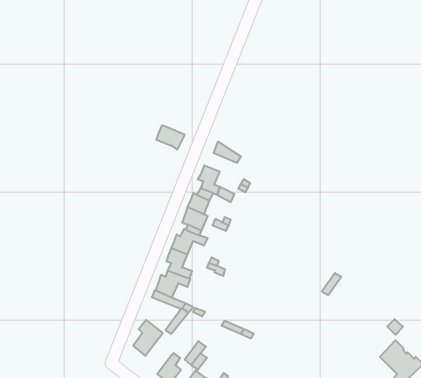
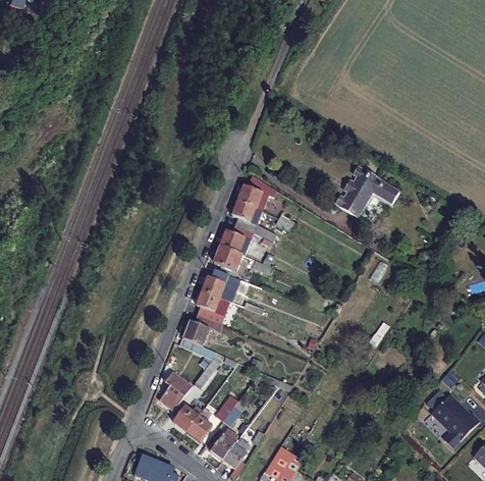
building: [156,126,185,149] -> [237,184,269,211]
building: none -> [334,163,397,216]
building: none -> [172,405,202,431]

